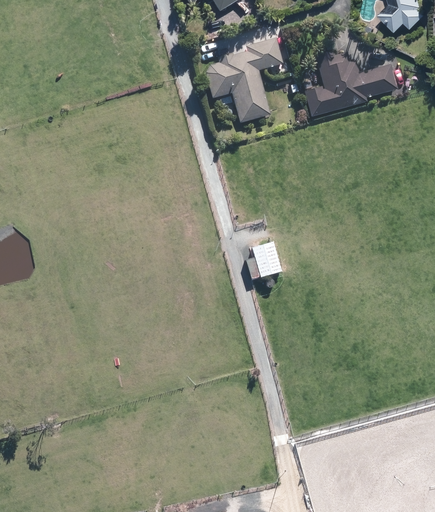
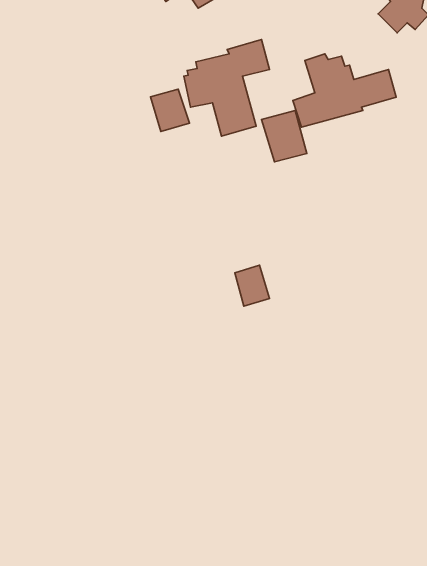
building: none -> [151,89,189,132]
building: none -> [262,111,307,162]

